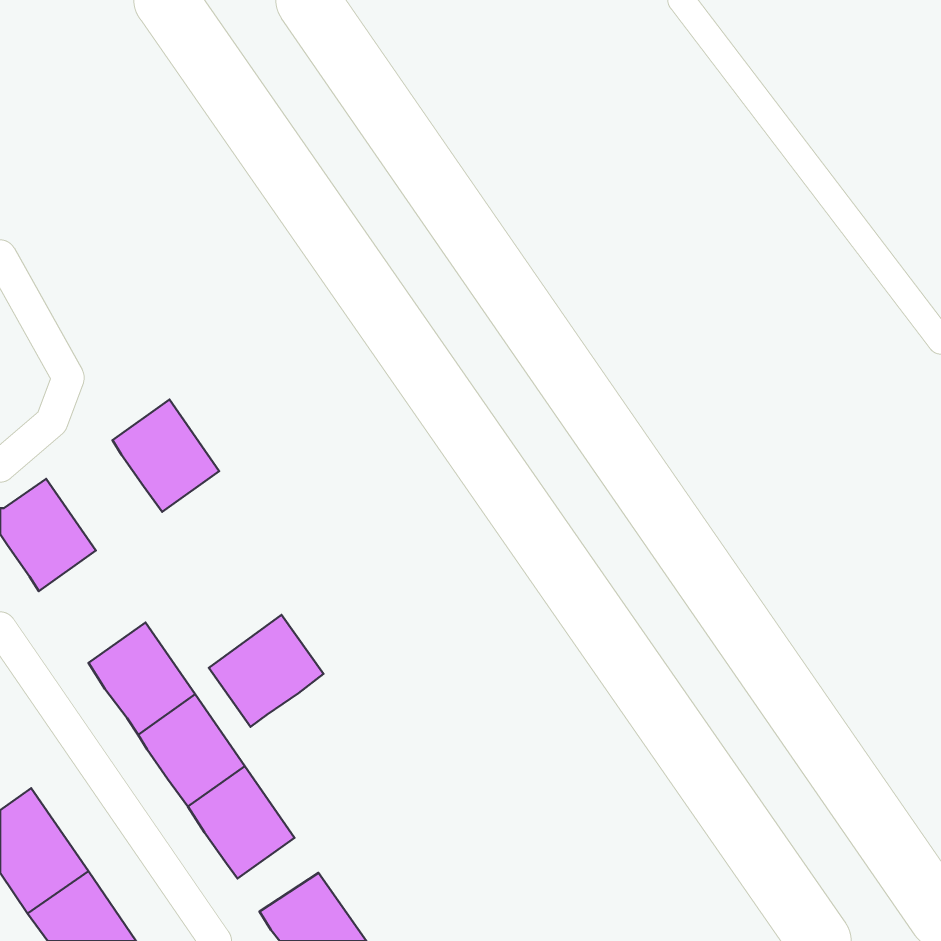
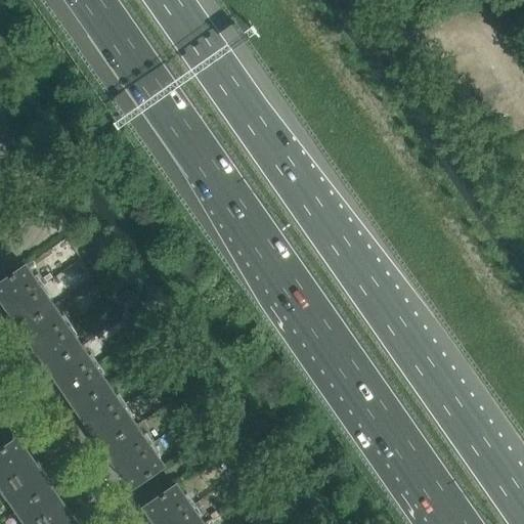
building: [112,400,219,512] -> [21,306,81,368]
building: [209,615,323,727] -> none

